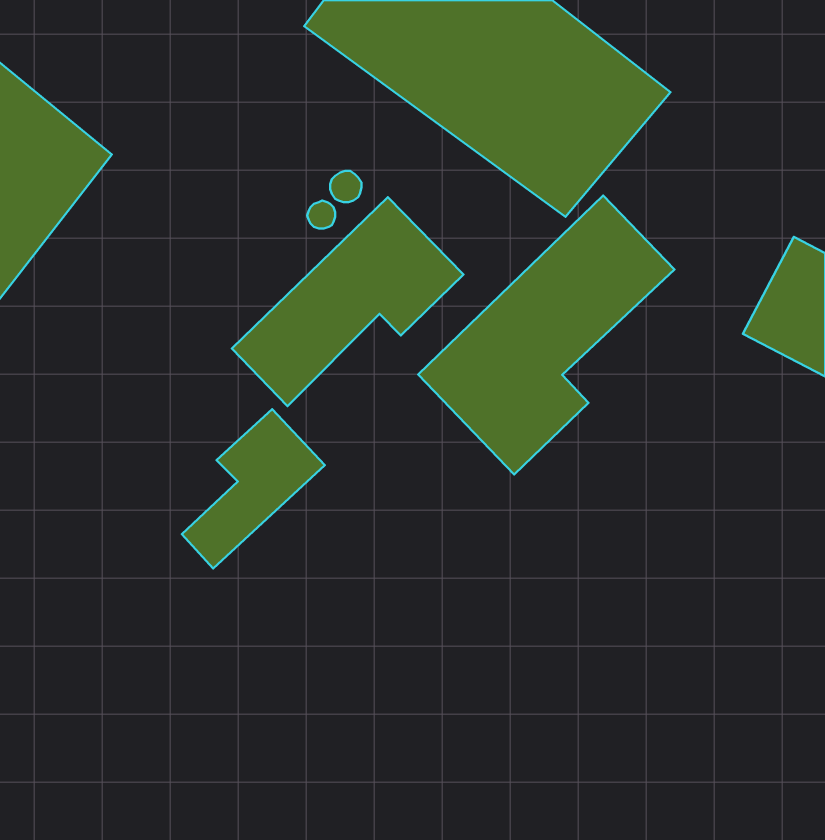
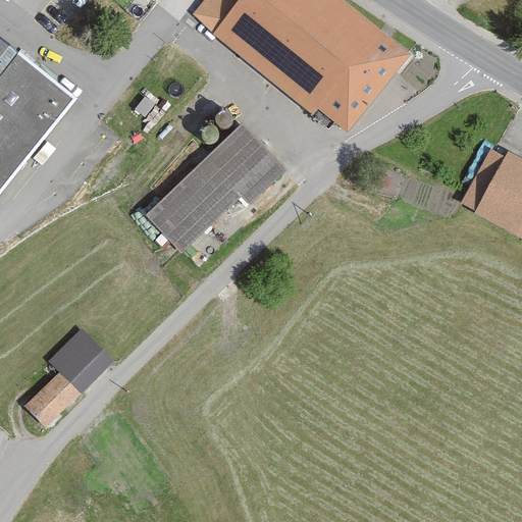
building: [418,195,675,475] -> none
building: [182,409,325,569] -> [27,329,115,428]

